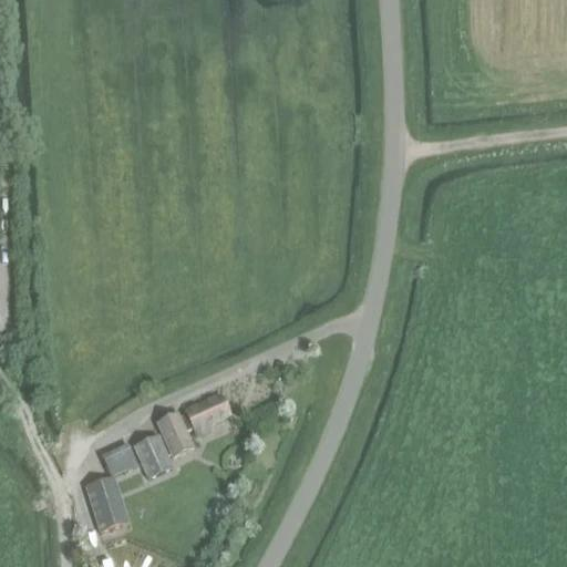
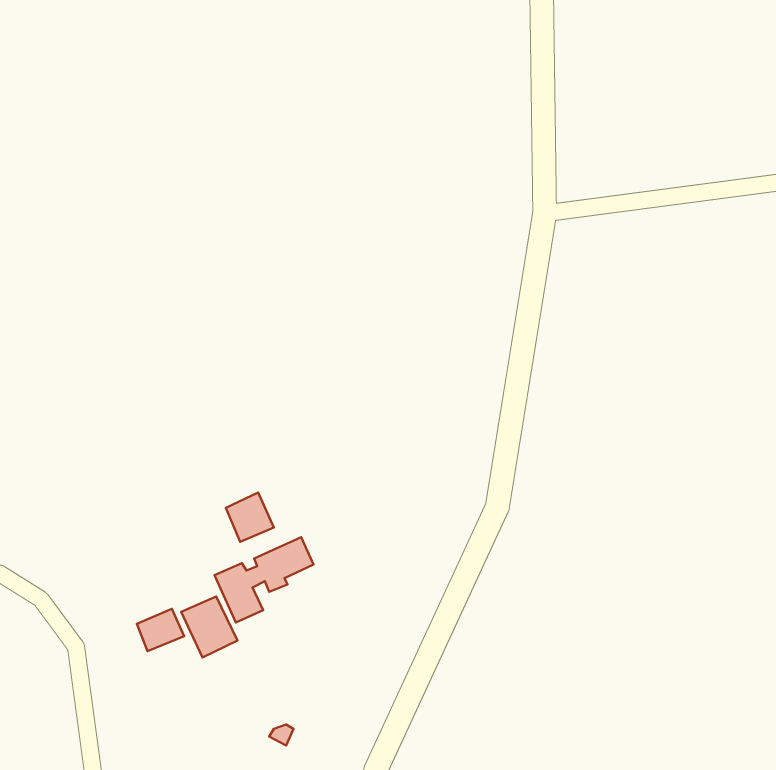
building: none -> [226,492,274,542]
building: [85,476,124,532] -> none

